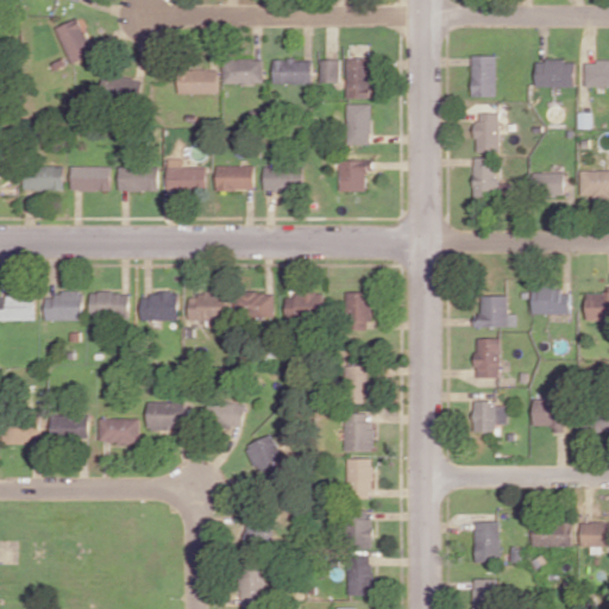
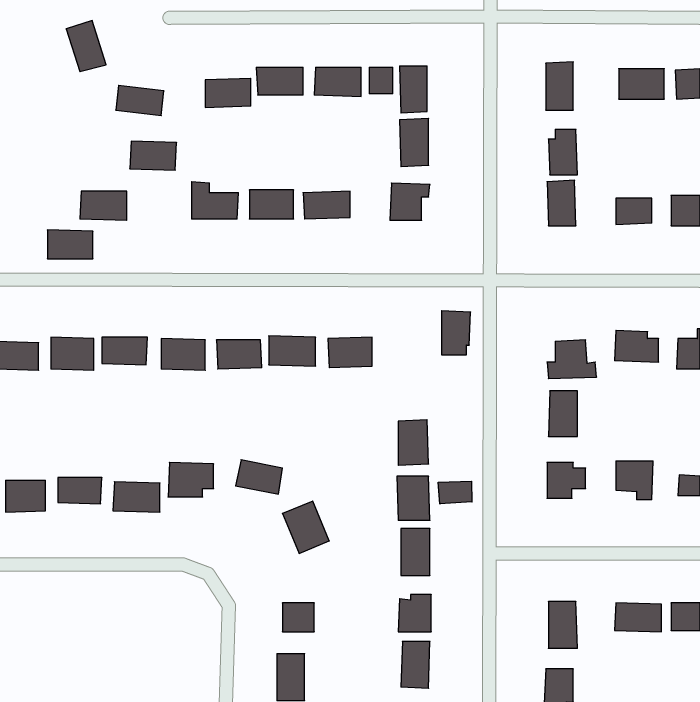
building: [23,165,62,190] -> [47,230,93,259]
building: [117,167,157,192] -> [130,141,177,170]
building: [344,291,369,329] -> [442,311,471,355]
building: none -> [438,481,472,504]

